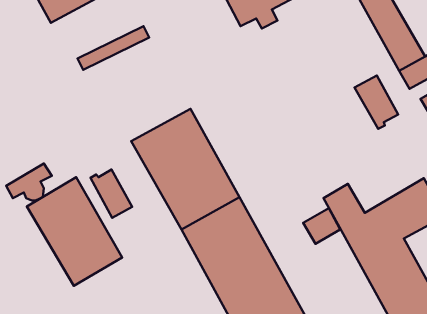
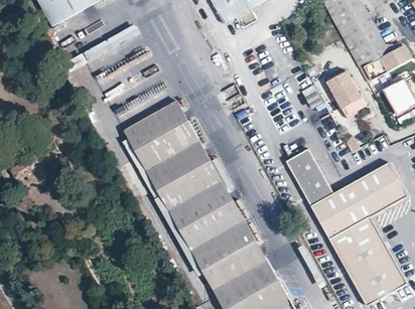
building: [91,170,132,218] -> none
building: [27,177,122,286] -> none
building: [303,208,340,244] -> [286,149,319,181]

